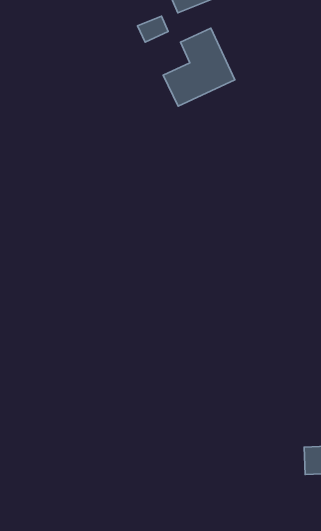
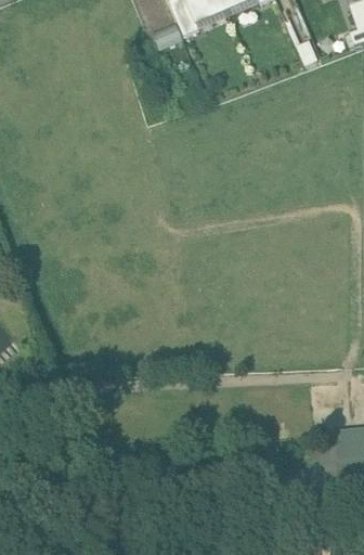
building: [163,28,235,106] -> none

